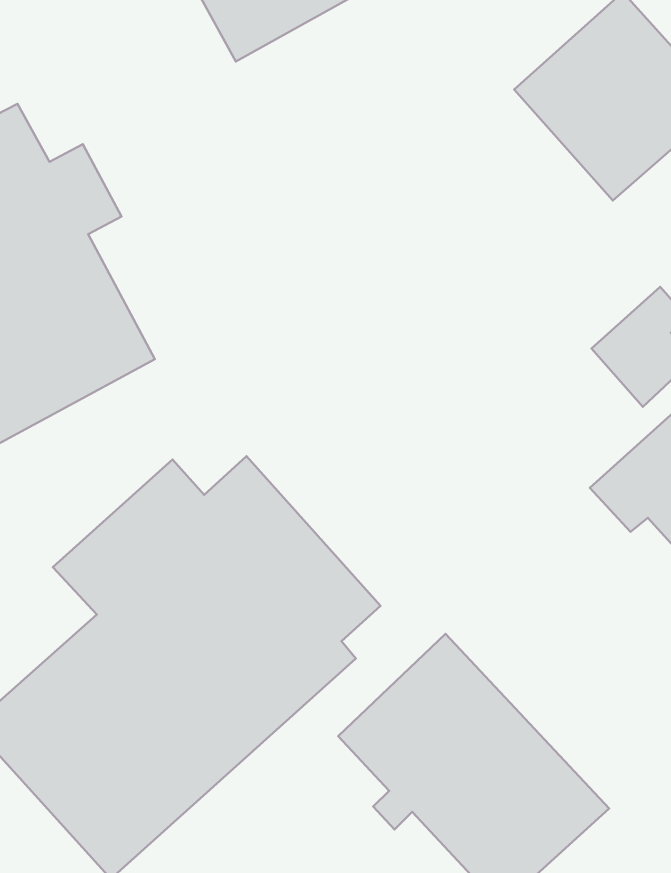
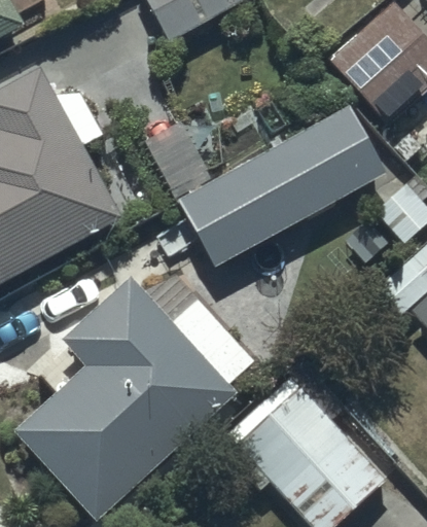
building: none -> [177,104,386,268]

